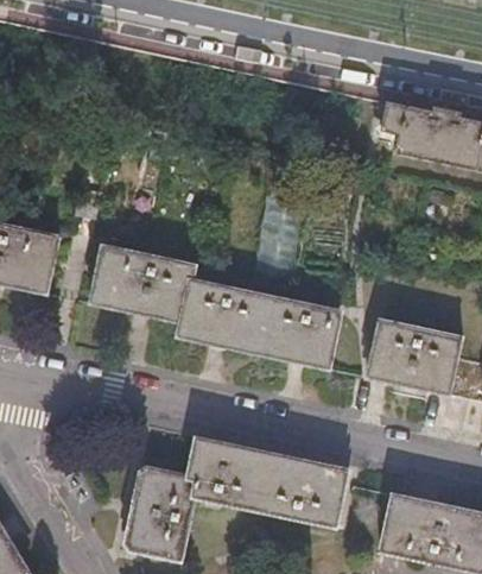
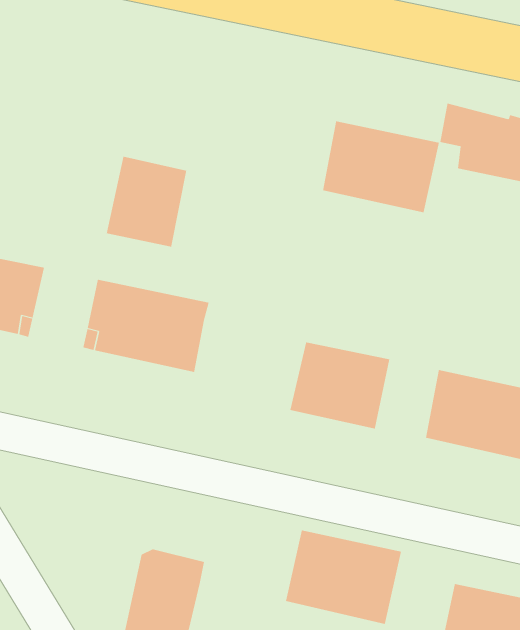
building: none -> [322,120,440,213]
building: none -> [106,156,187,247]
building: [177,278,271,352] -> none
building: [185,435,267,507] -> none

